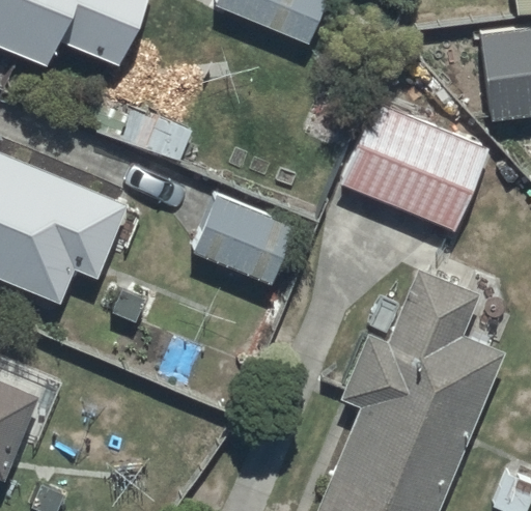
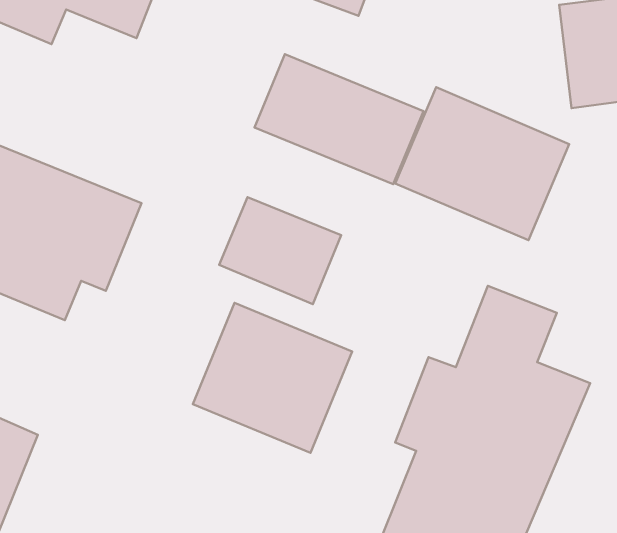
building: none -> [254,54,423,184]
building: none -> [193,303,352,453]

